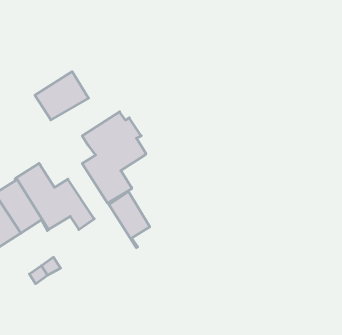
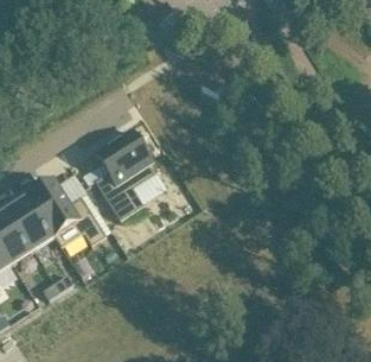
building: [35,72,89,120] -> none
building: [108,191,150,248] -> none

